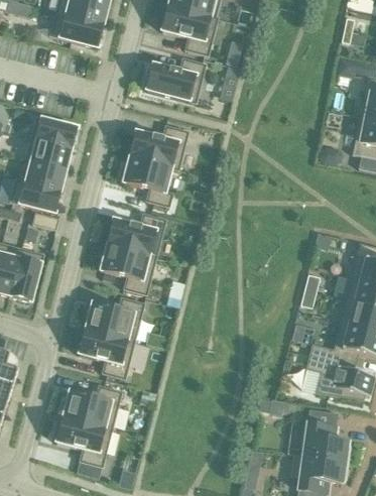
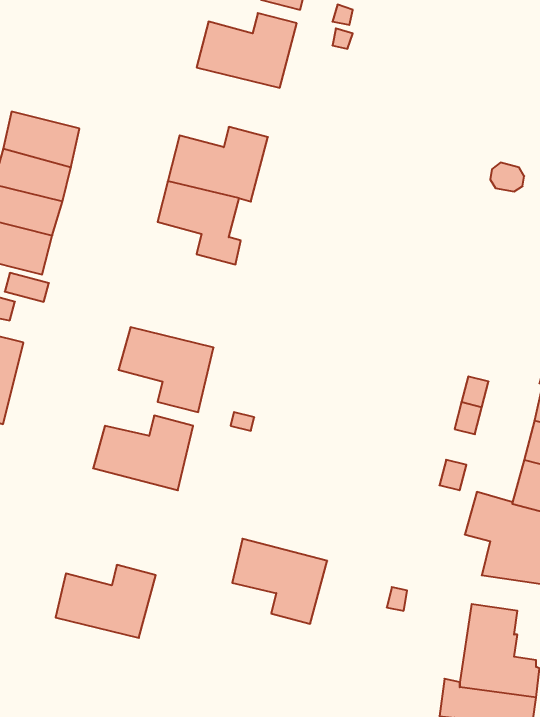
building: [106,212,165,255] -> none
building: [78,327,134,377] -> [232,539,327,624]
building: [54,415,111,466] -> none

